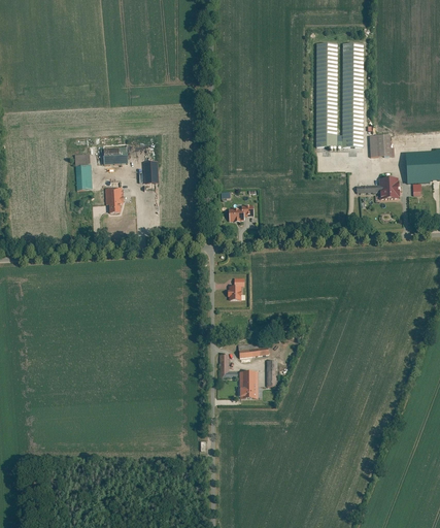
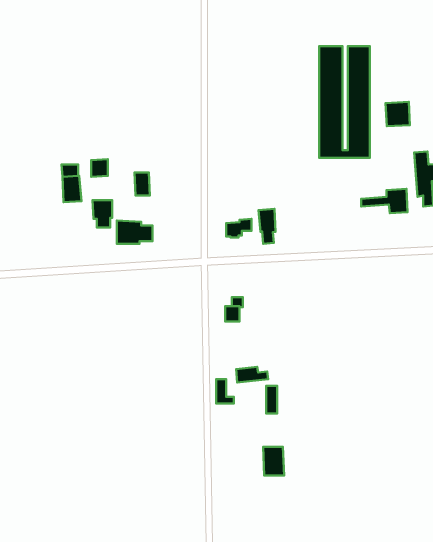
building: [369,134,392,157] -> [386,102,410,126]
building: none -> [258,209,276,244]
building: none -> [117,220,152,244]
building: [238,371,258,398] -> [263,447,284,476]

